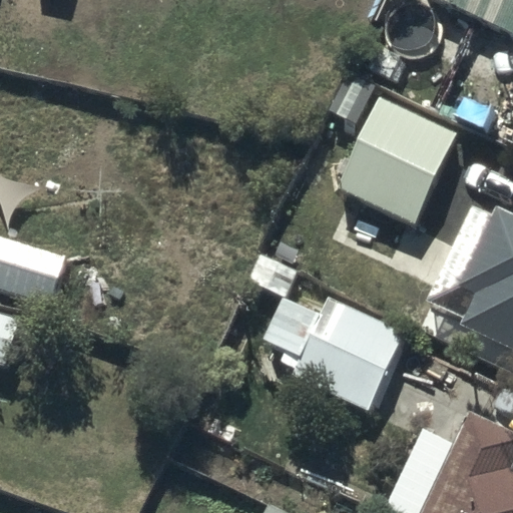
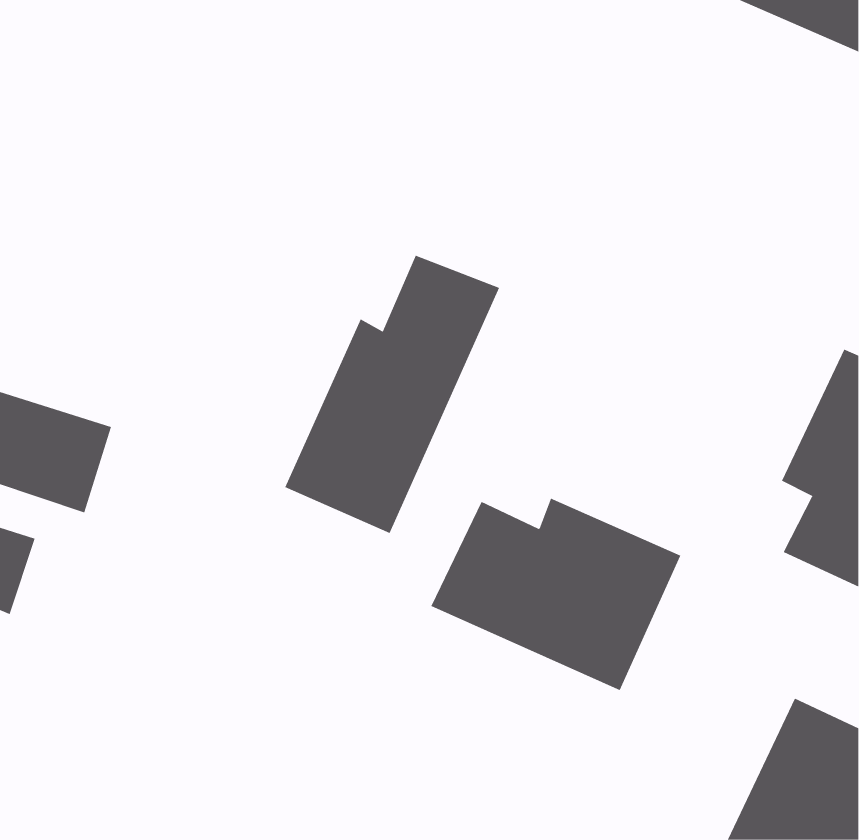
building: [336,97,457,226] -> none
building: none -> [284,255,500,534]

